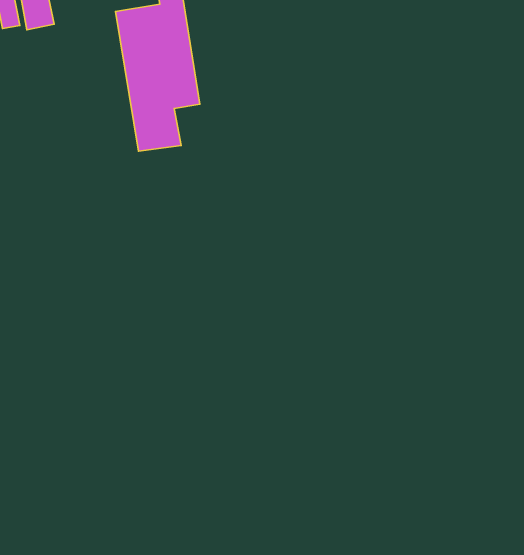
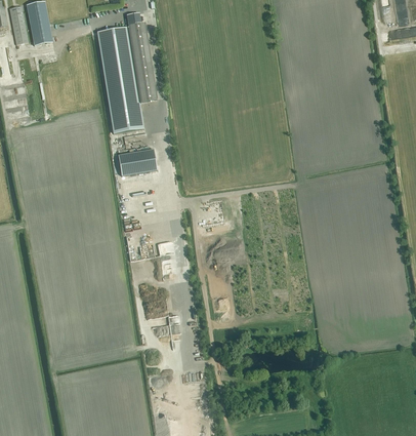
building: none -> [118,149,156,175]

